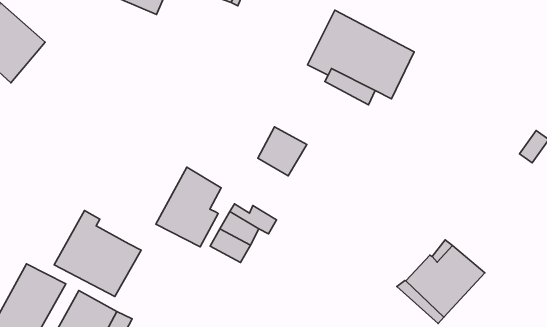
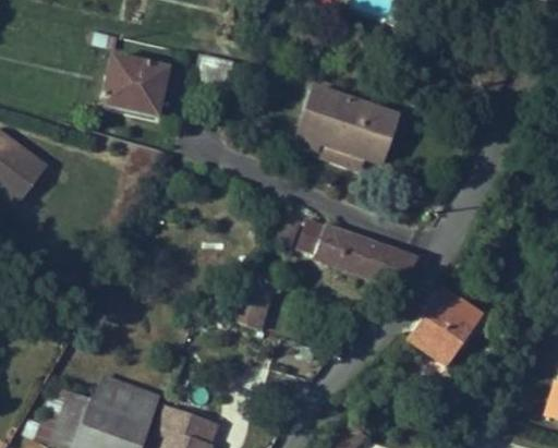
building: none -> [301,211,425,282]
building: [156,167,221,247] -> none
building: [54,211,141,296] -> none

